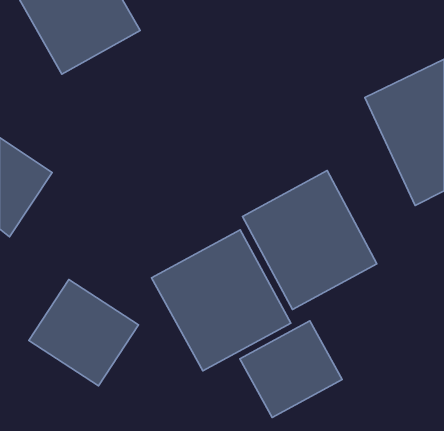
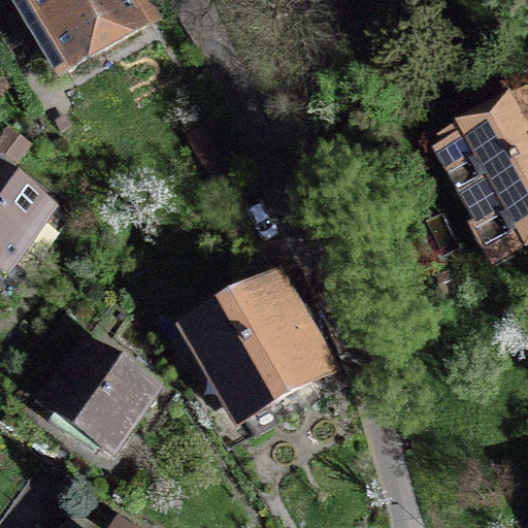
building: [242,170,377,309] -> none
building: [240,321,342,418] -> none

